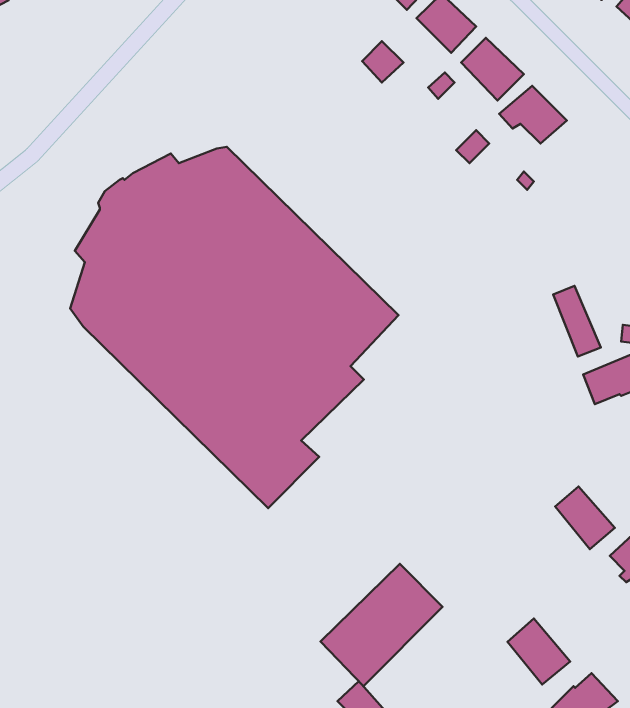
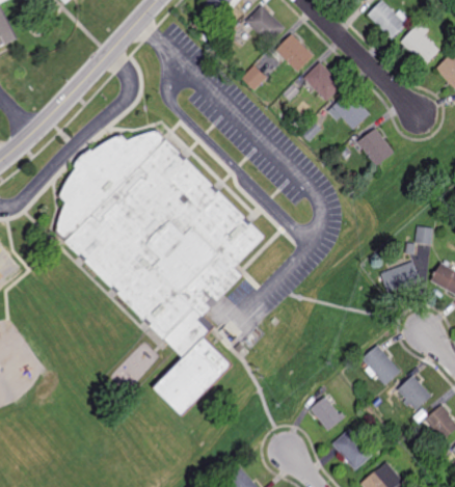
building: none -> [356,128,395,166]
building: [553,286,601,357] -> none
building: [321,564,443,686] -> [154,337,231,414]
building: none -> [310,397,342,430]

